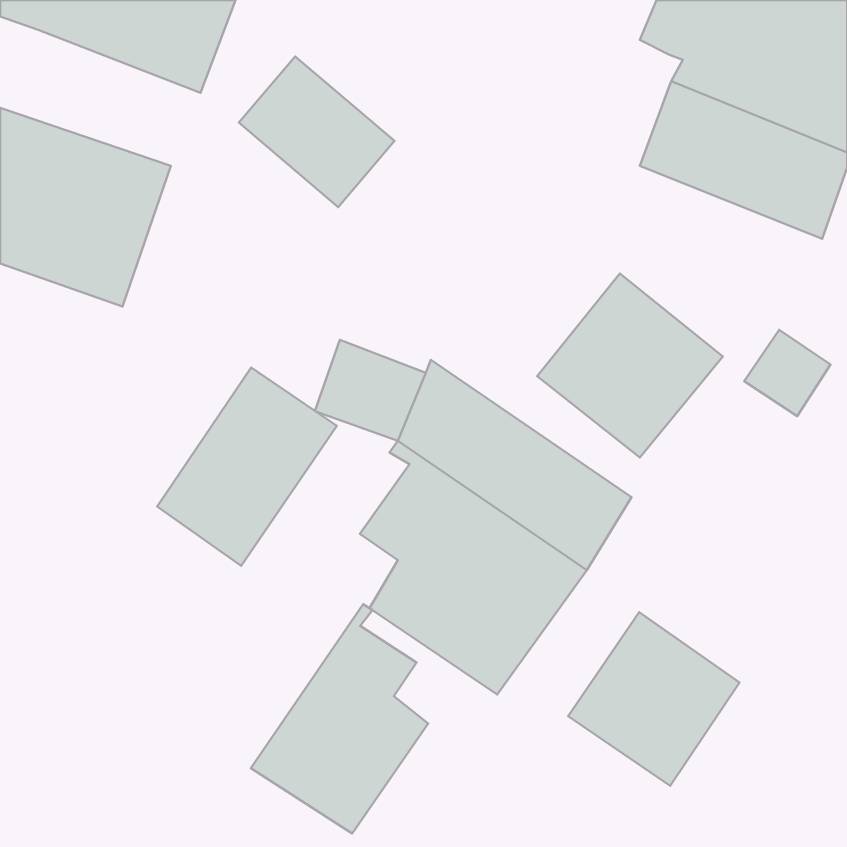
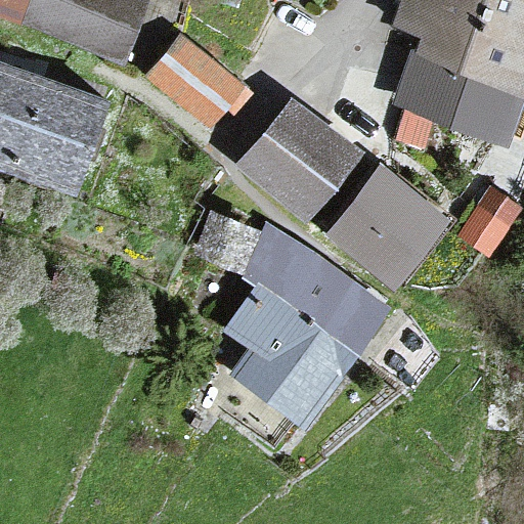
building: none -> [236,95,364,223]
building: [157,368,337,566] -> none
building: [251,604,428,833] -> none
building: [568,612,740,786] -> none

